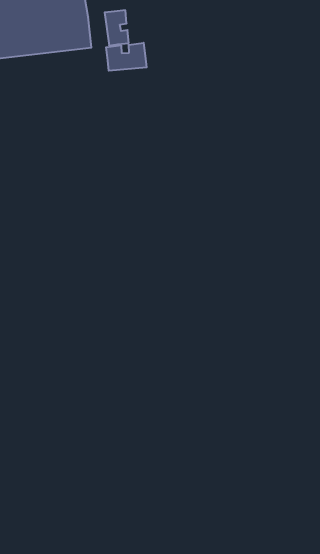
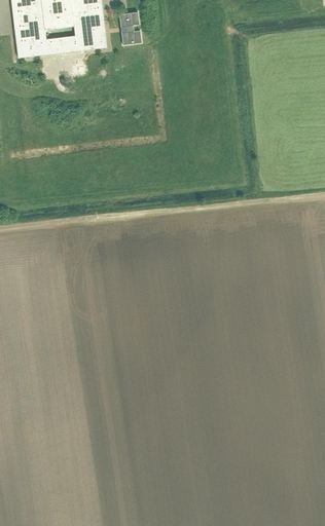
building: [106,43,147,71] -> none

